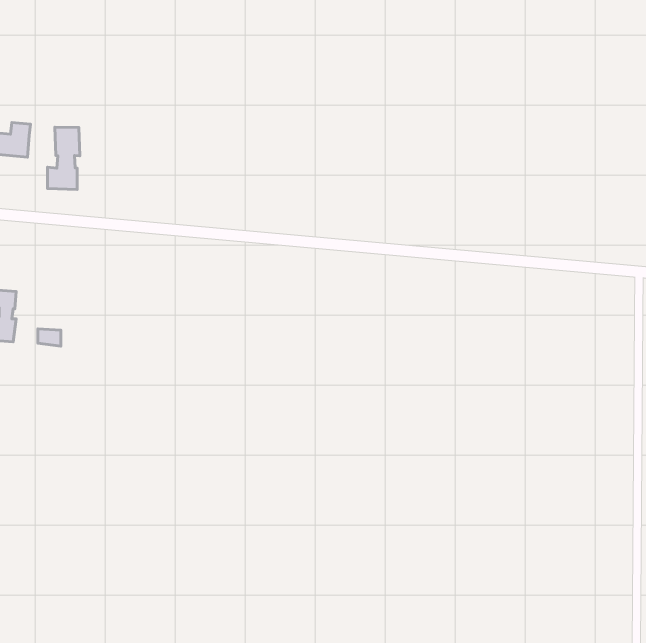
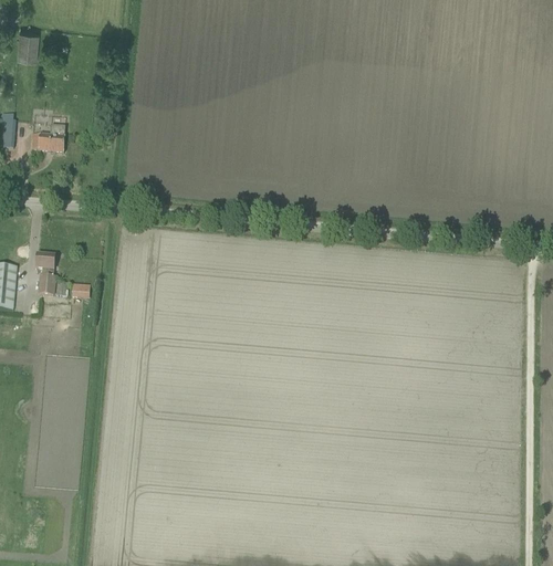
building: [48,127,80,189] -> none

